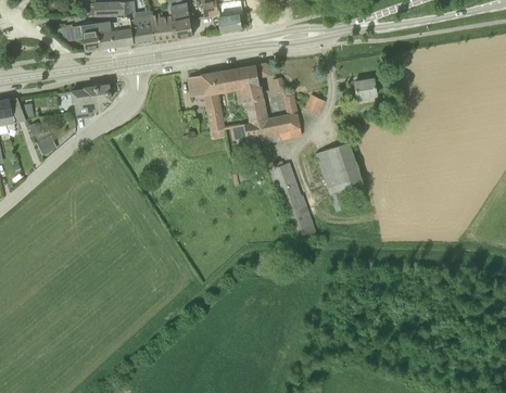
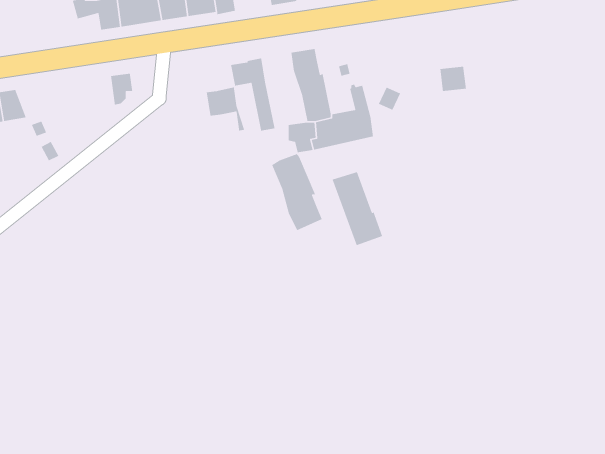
building: [213,67,244,103] -> [206,86,245,131]
building: [71,86,96,117] -> none
building: [326,141,363,191] -> none
building: none -> [271,153,323,231]

